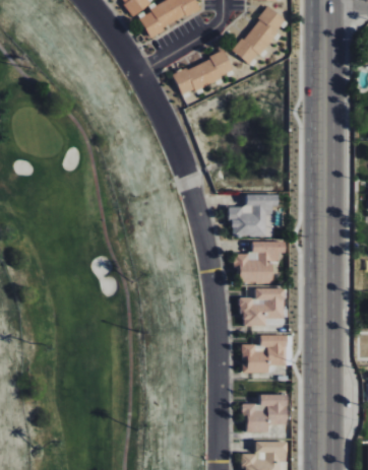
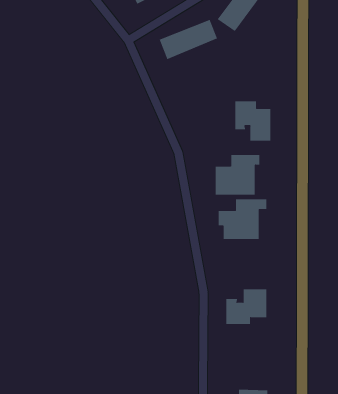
building: none -> [235,100,271,141]
building: [242,287,285,326] -> none
building: [243,394,288,432] -> none

